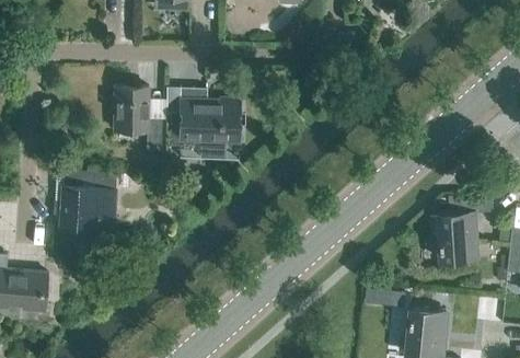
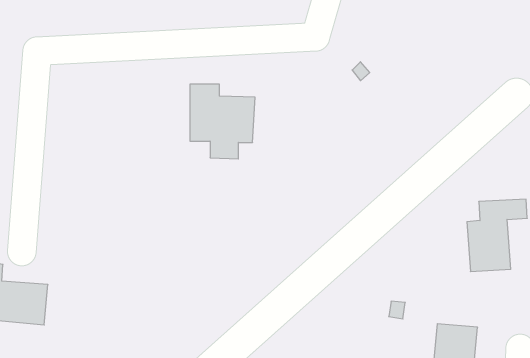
building: [114,88,161,151] -> none
building: [60,173,116,233] -> none

